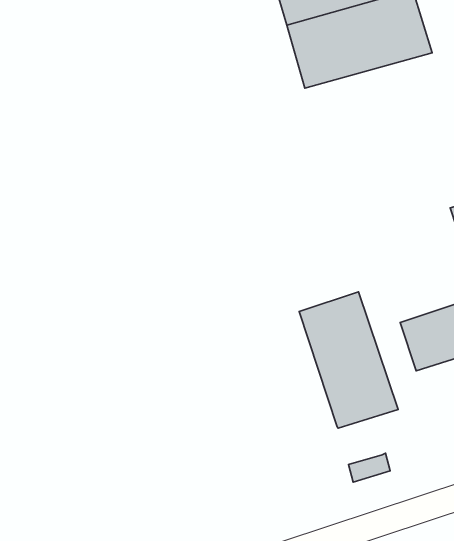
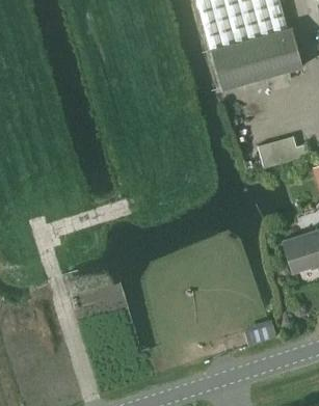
building: none -> [257,137,310,169]
building: [299,292,398,428] -> none

